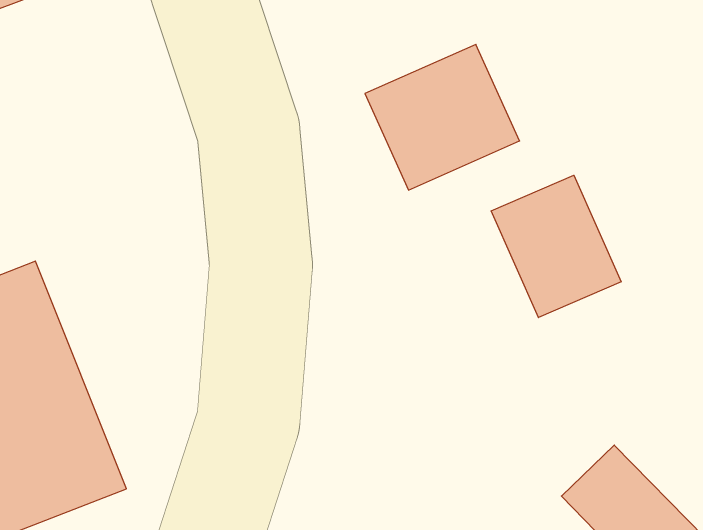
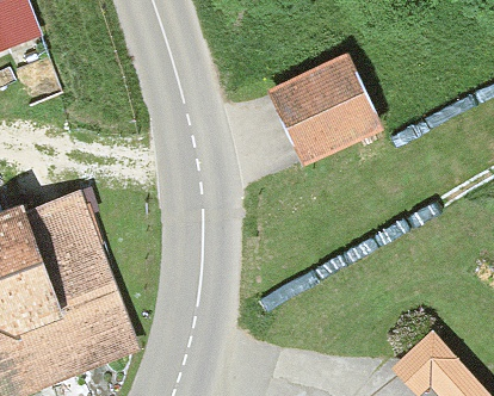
building: [491,175,621,318] -> none

